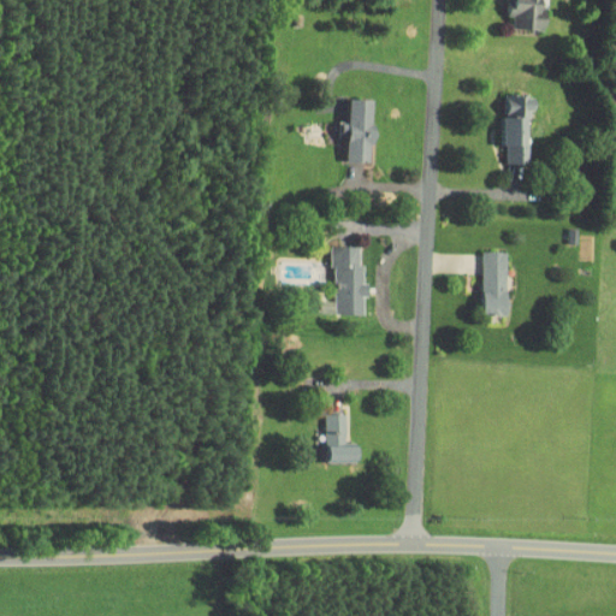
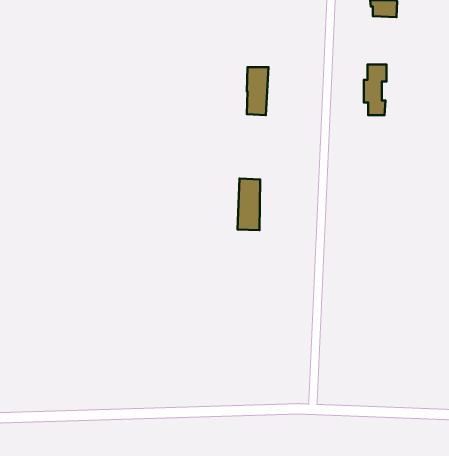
building: [481,251,508,314] -> none
building: [325,414,355,463] -> none

